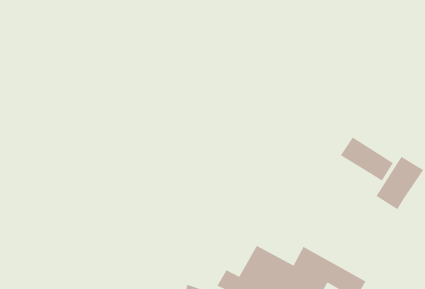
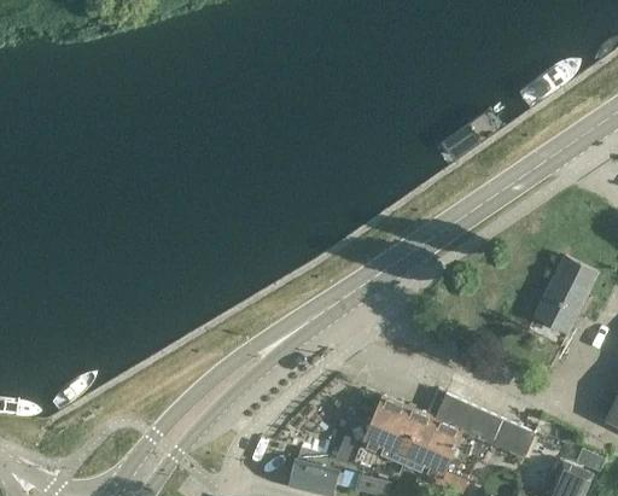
building: [340,136,394,182] -> none

